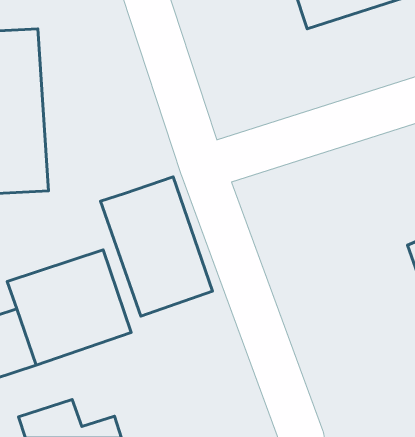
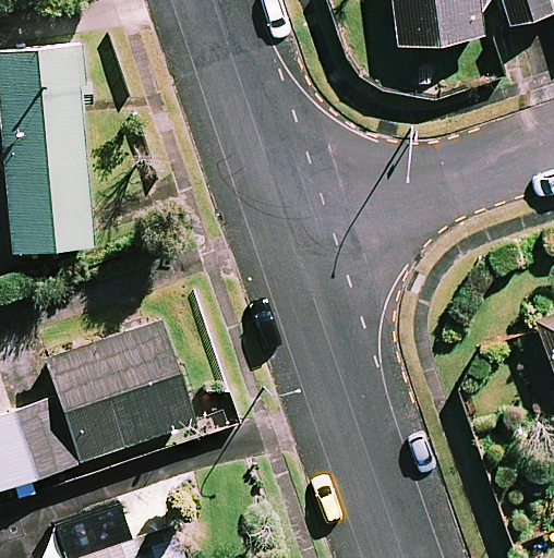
building: [100,177,213,316] -> none

